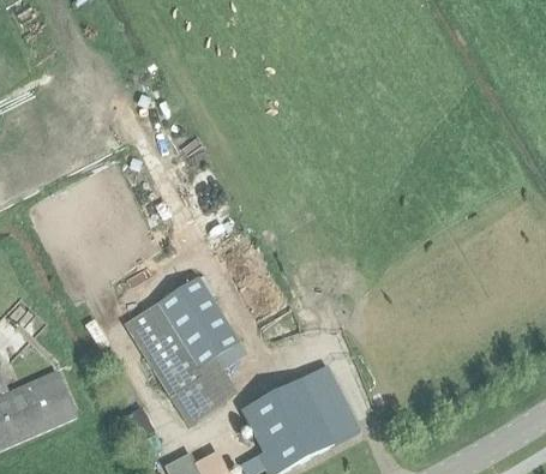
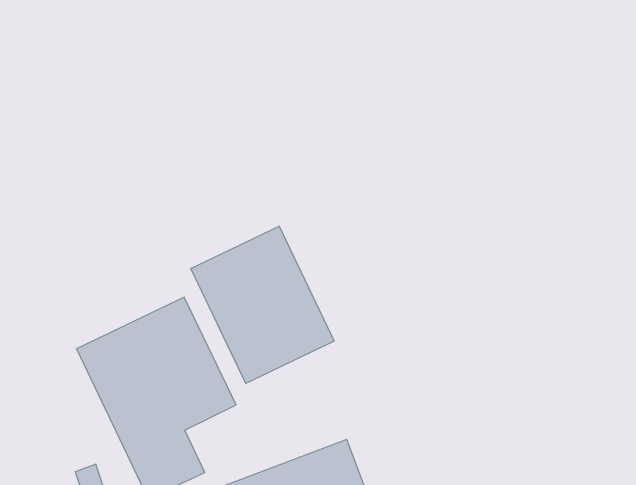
building: none -> [191,226,334,384]

